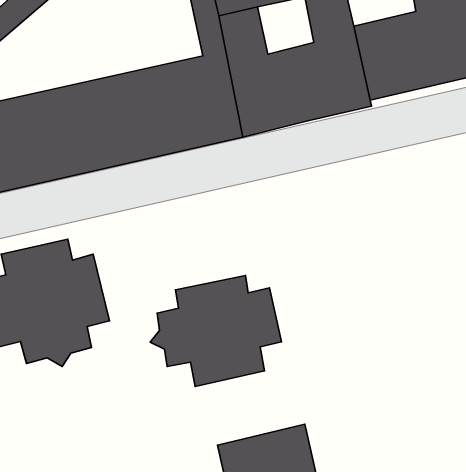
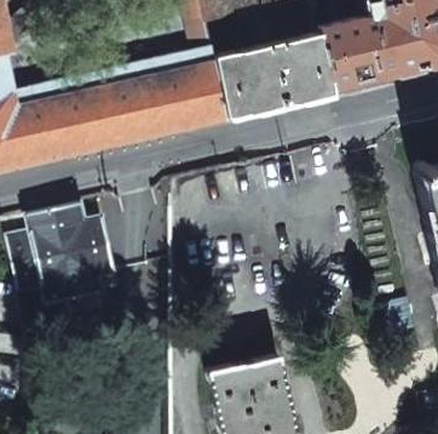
building: [150,276,282,386] -> none

